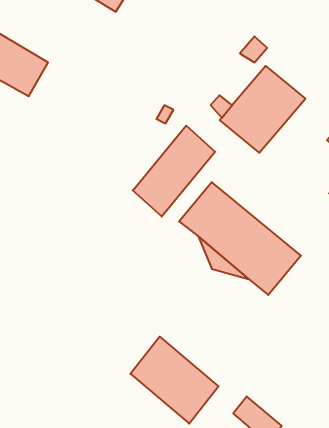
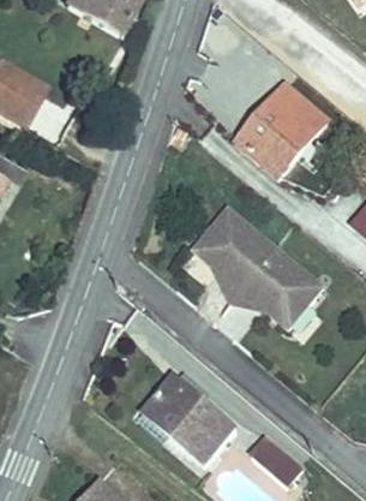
building: [133,126,215,217] -> none

